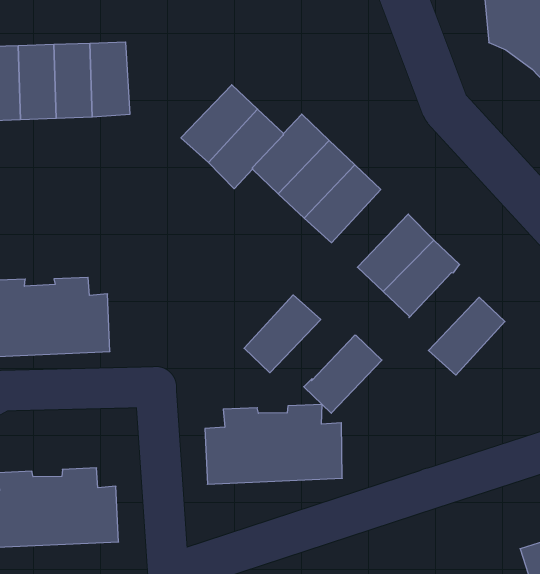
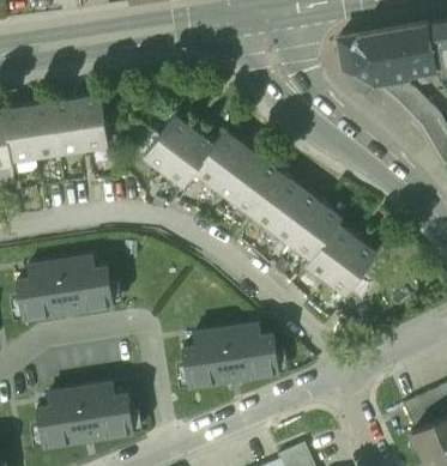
building: [244,295,321,373] -> [253,175,302,229]
building: [304,335,382,413] -> [306,225,356,279]

